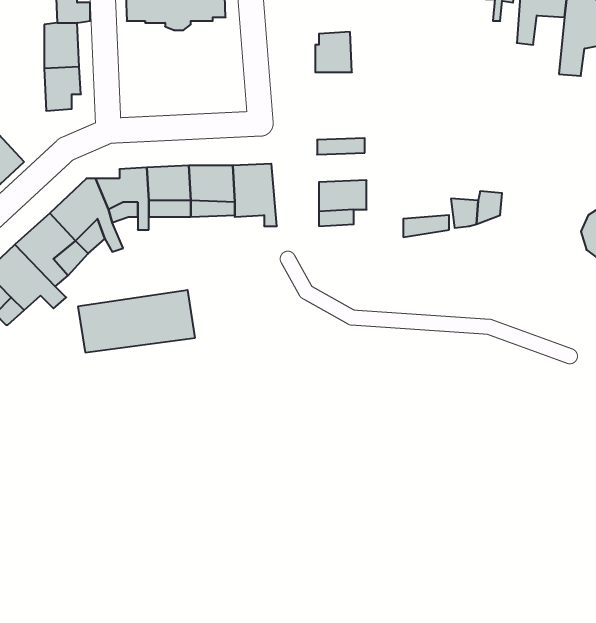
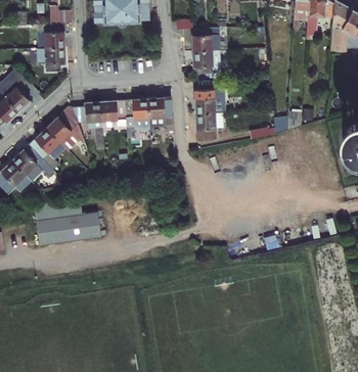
building: none -> [195,49,223,72]
building: none -> [196,94,224,110]
building: [78,290,195,352] -> [36,211,101,245]

